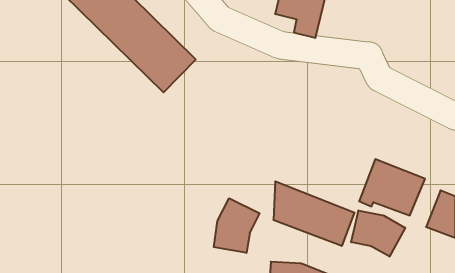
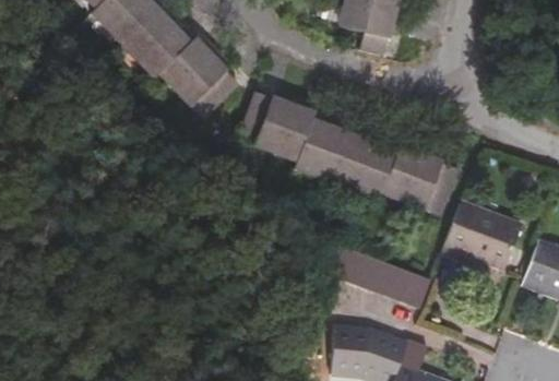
building: none -> [251,100,460,215]
building: [214,198,259,253] -> none
building: [351,210,405,257] -> none

